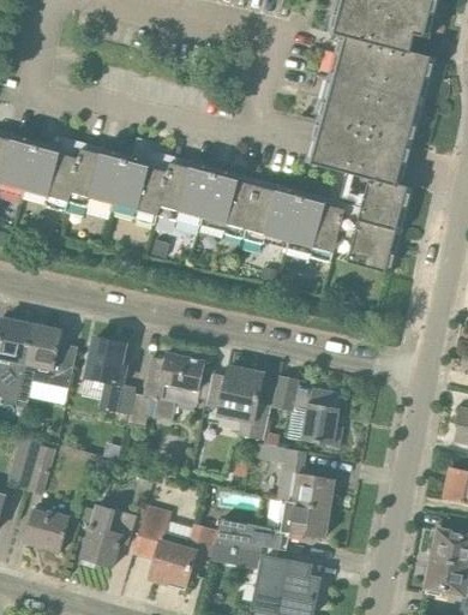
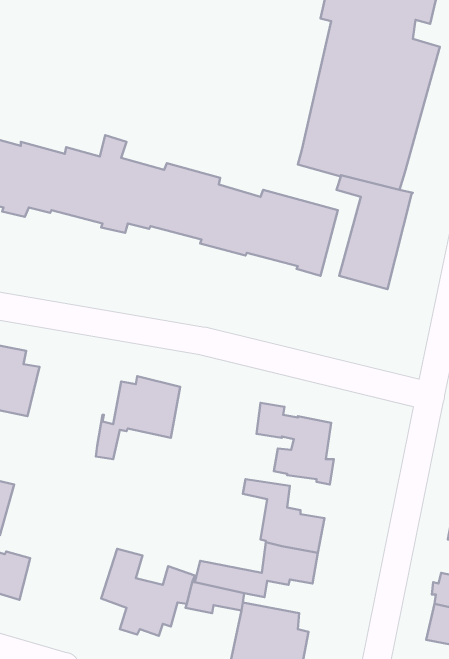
building: [85,338,134,414] -> none
building: [203,366,271,440] -> none
building: [80,504,136,567] -> none

